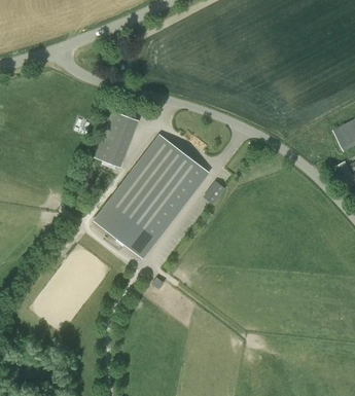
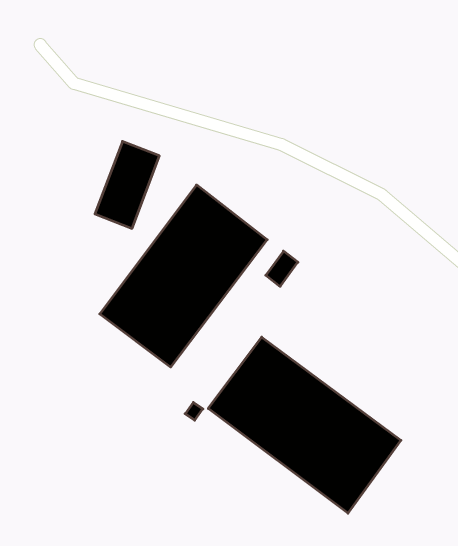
building: none -> [208,337,401,513]

